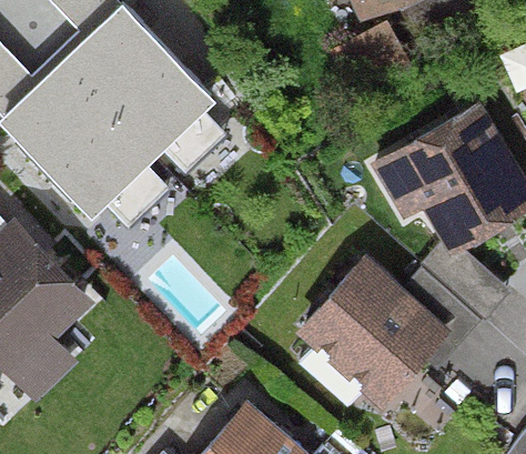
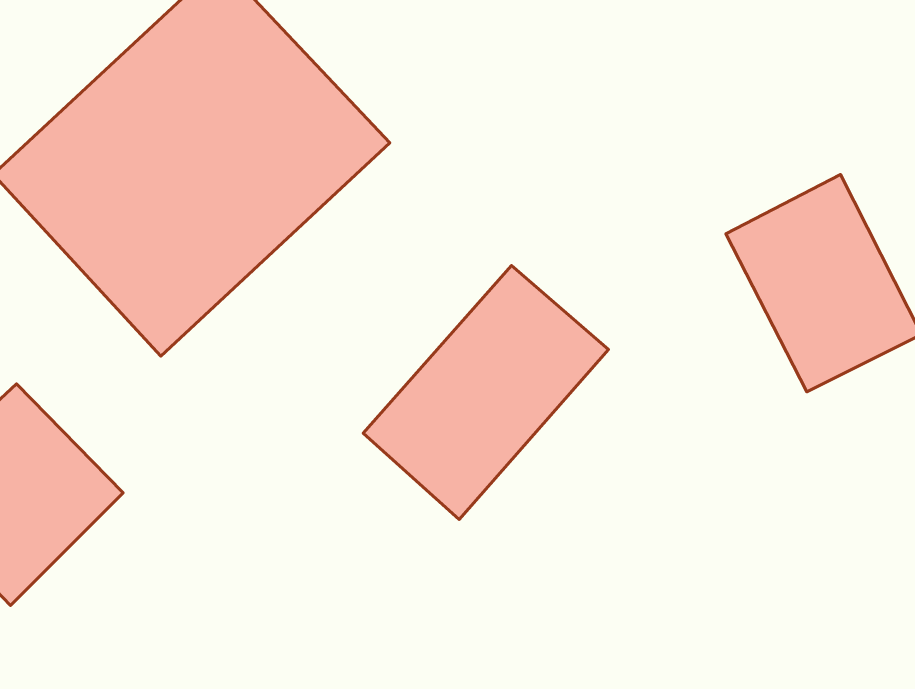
building: none -> [363,265,608,519]
building: [307,270,438,398] -> none

